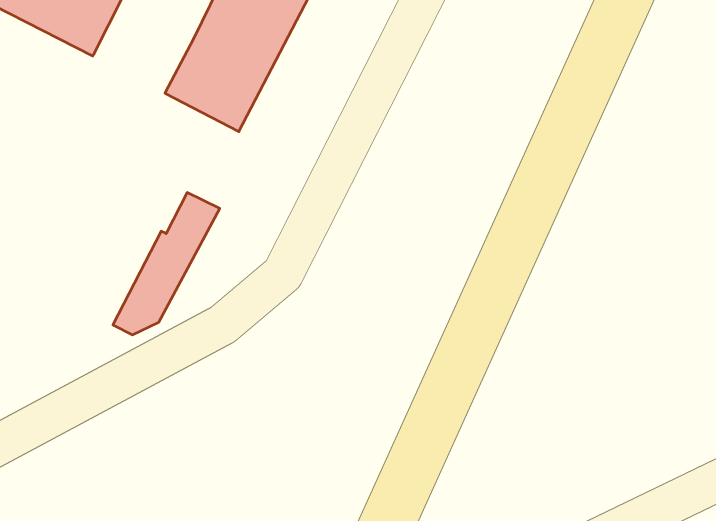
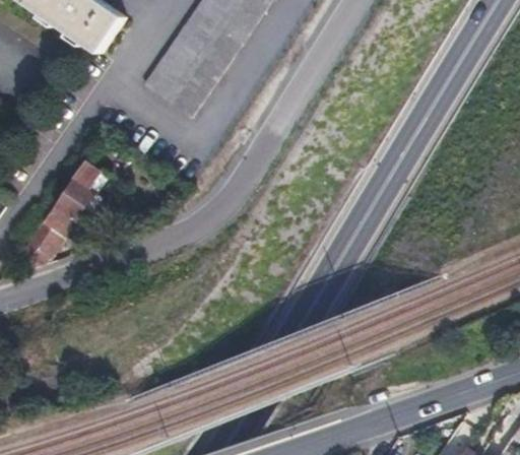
building: [113,193,220,335] -> [16,177,96,266]

